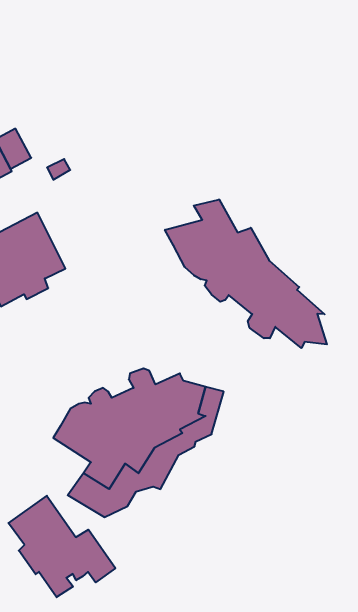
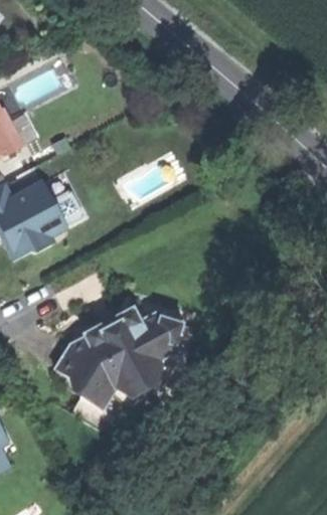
building: [165,199,327,348] -> none
building: [8,496,115,597] -> none

